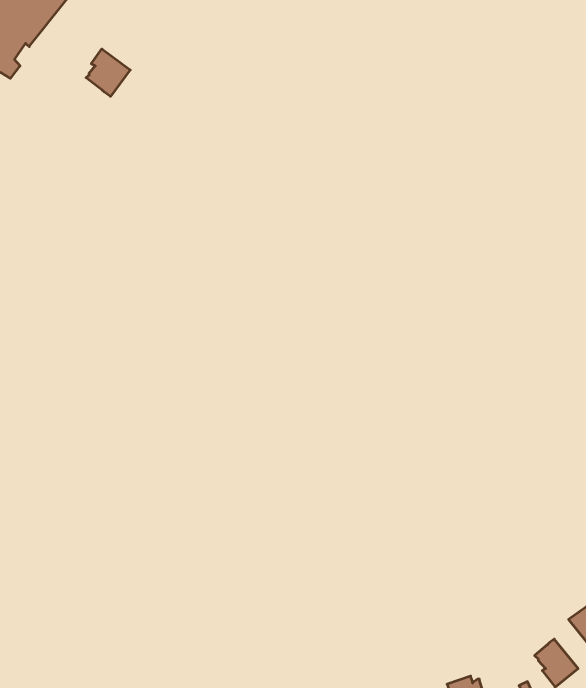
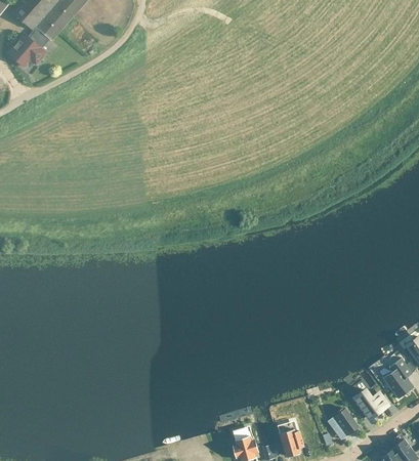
building: [86,49,130,96] -> none

